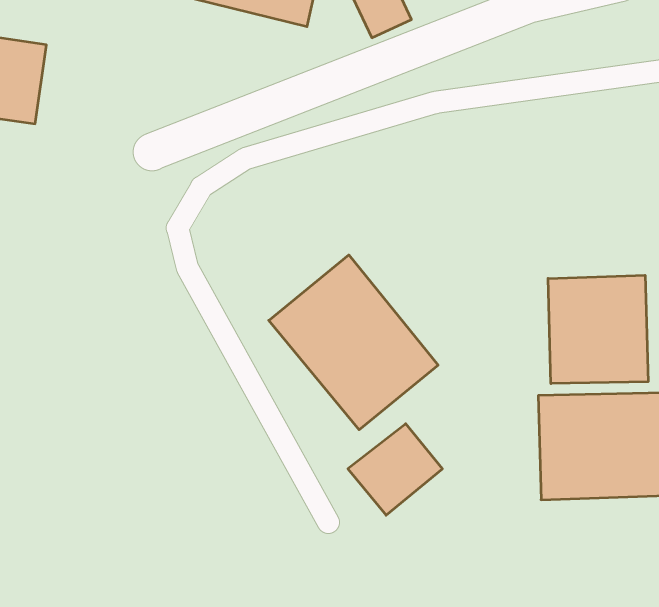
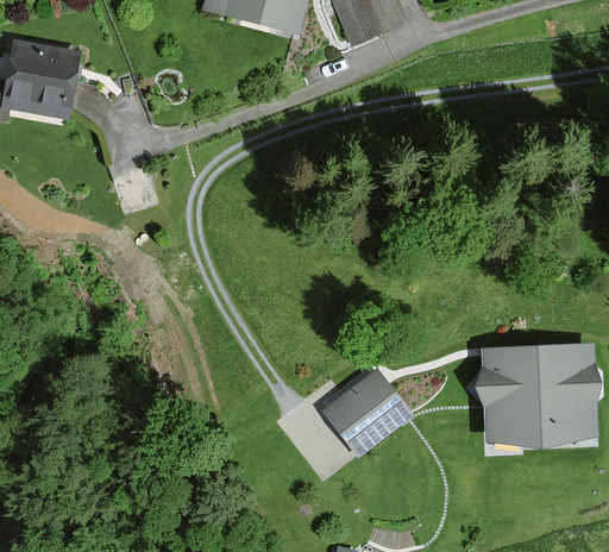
building: [269,255,438,430] -> none
building: [548,275,648,384] -> none

